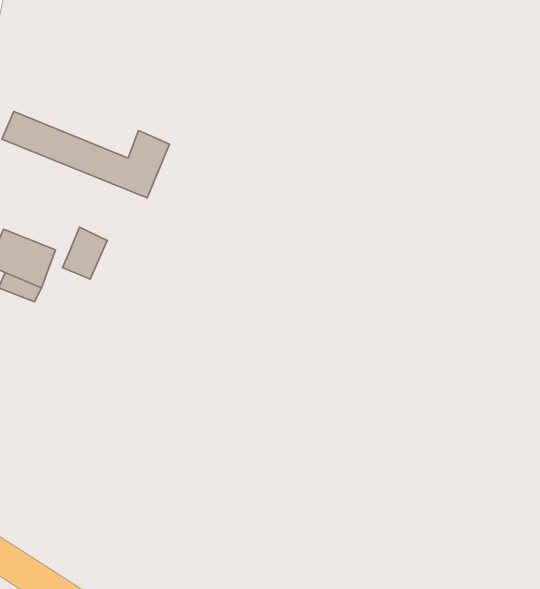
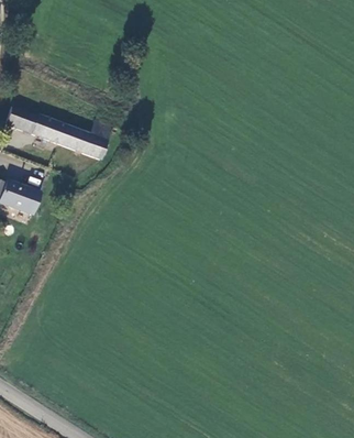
building: [63,227,107,279] -> none

